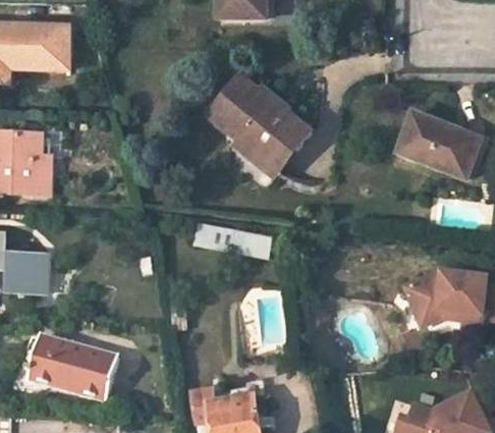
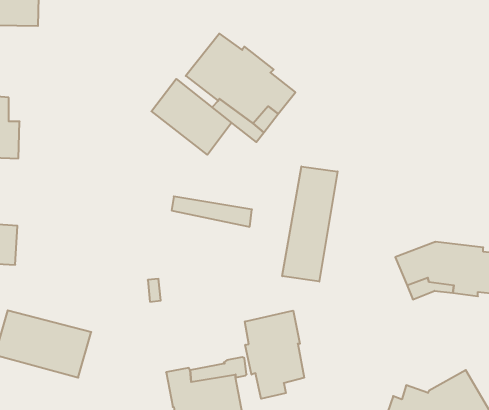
building: [396,113,480,178] -> none
building: none -> [151,79,231,155]
building: none -> [282,166,338,282]
building: none -> [245,311,304,399]

